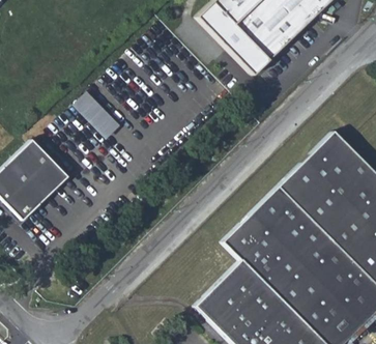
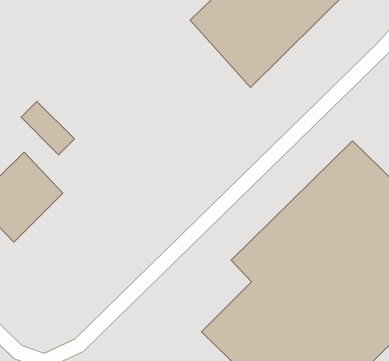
building: [76,91,124,140] -> [21,101,74,155]

